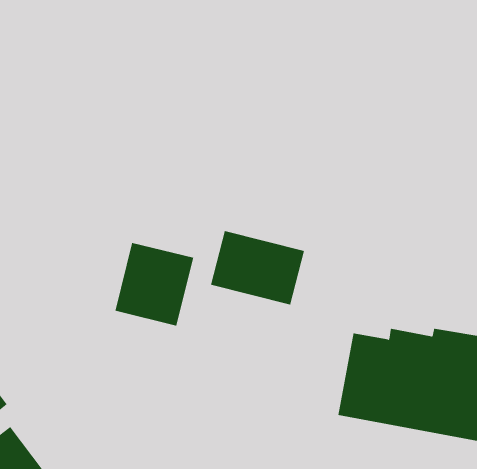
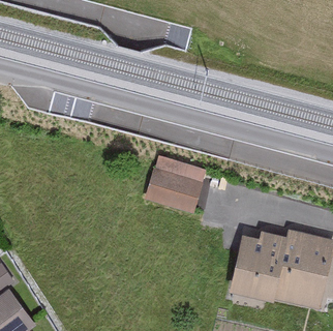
building: [115,242,194,326] -> none

